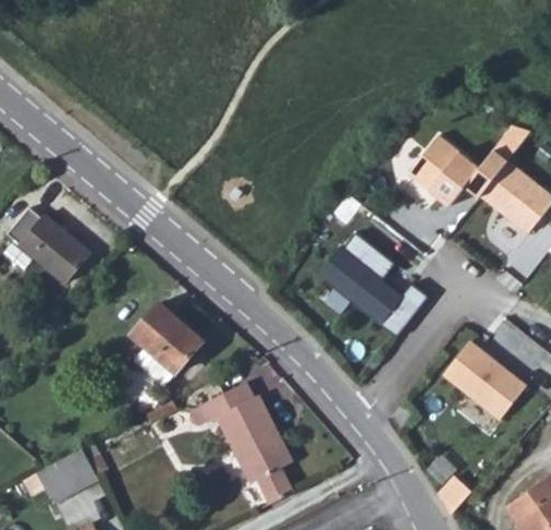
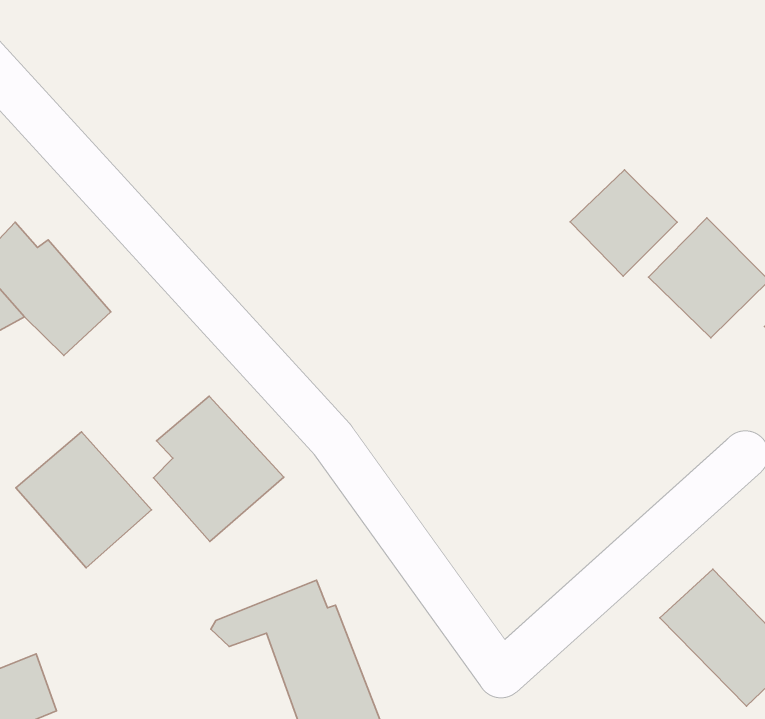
building: none -> [570,170,677,276]
building: [316,236,429,341] -> none
building: none -> [16,432,151,568]

